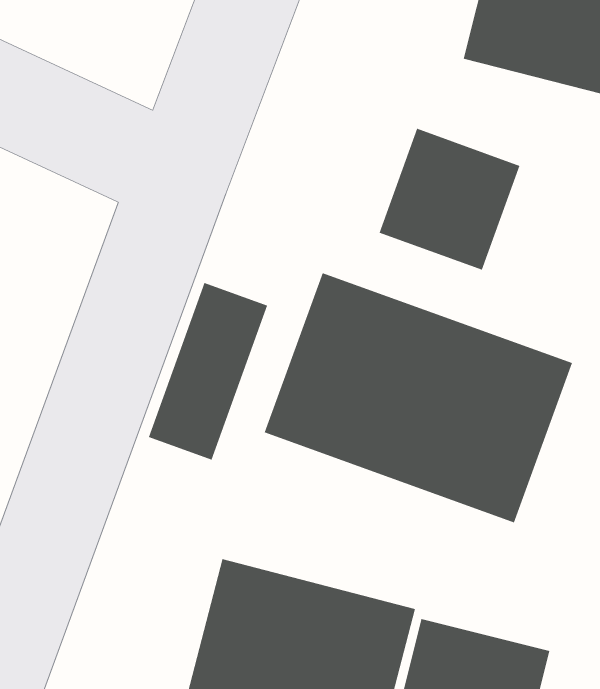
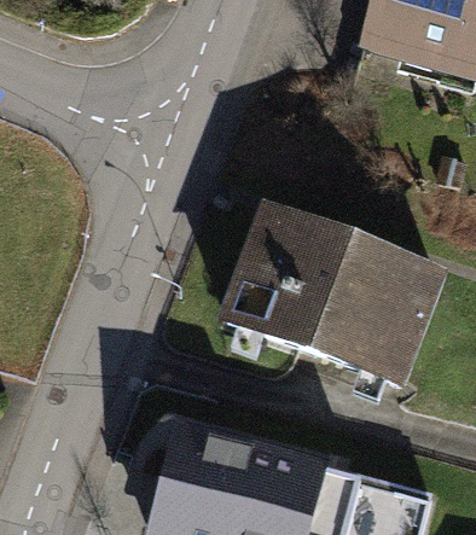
building: [379,128,520,271] -> none
building: [148,282,268,460] -> none

